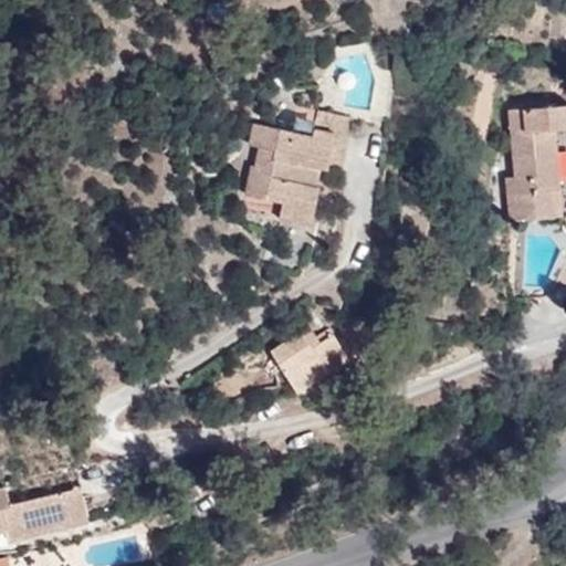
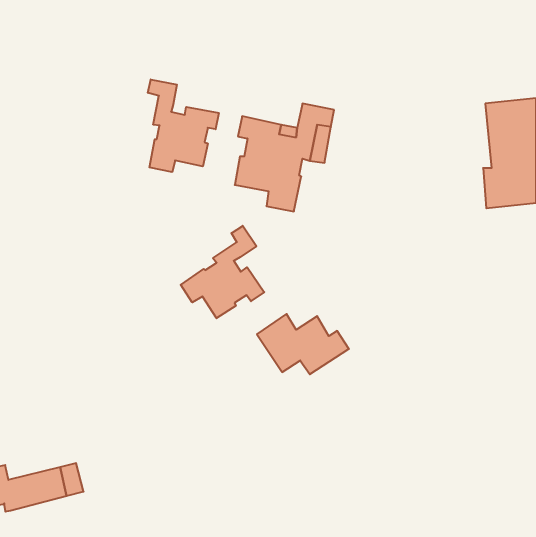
building: none -> [148,79,219,172]
building: none -> [181,226,264,318]

